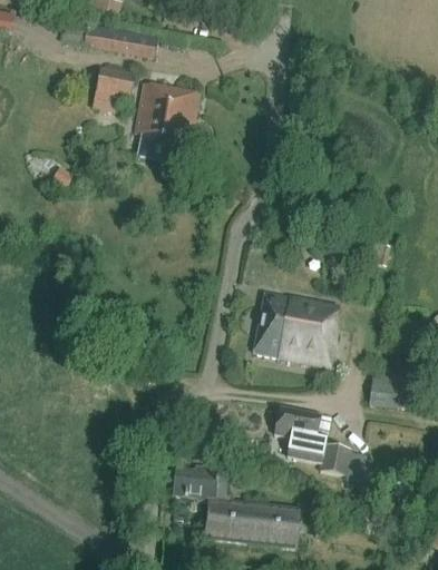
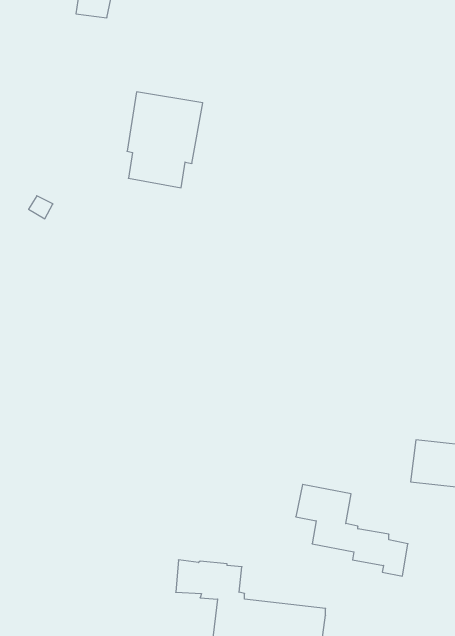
building: [85,22,158,55] -> none
building: [96,66,134,98] -> none
building: [253,293,337,366] -> none

